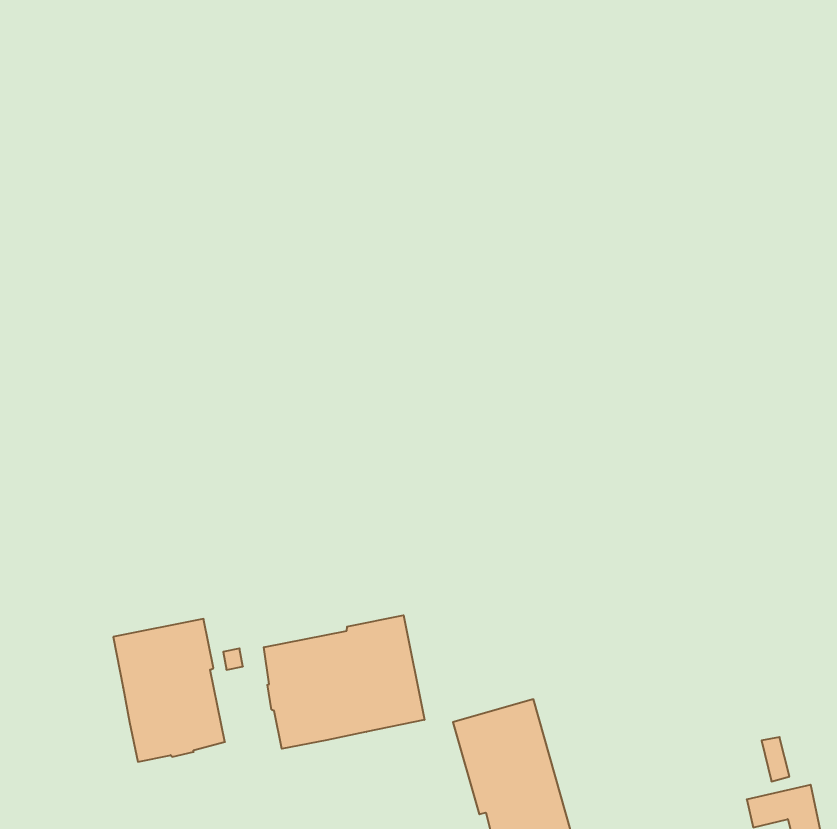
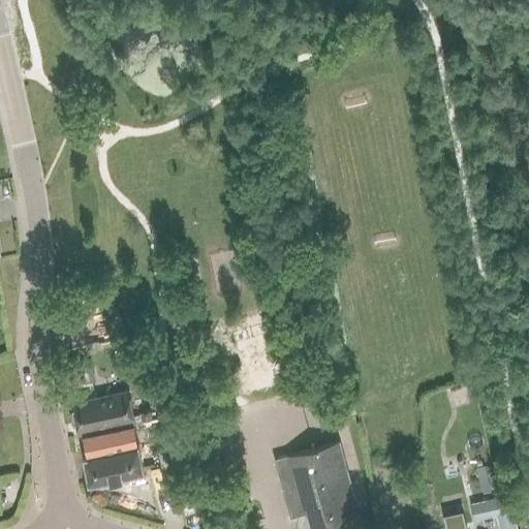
building: [264,615,424,749] -> none

